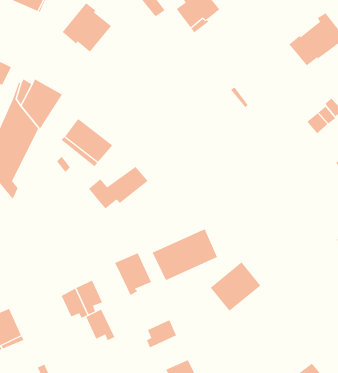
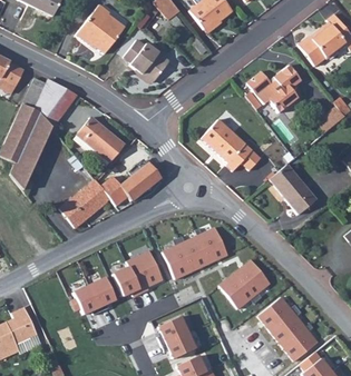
building: none -> [124,39,168,82]
building: none -> [245,65,303,119]
building: none -> [201,118,261,170]
building: none -> [269,165,316,216]
building: none -> [61,179,111,228]
building: none -> [260,295,320,359]
building: [86,309,115,341] -> [114,264,143,295]
building: none -> [162,330,196,357]

